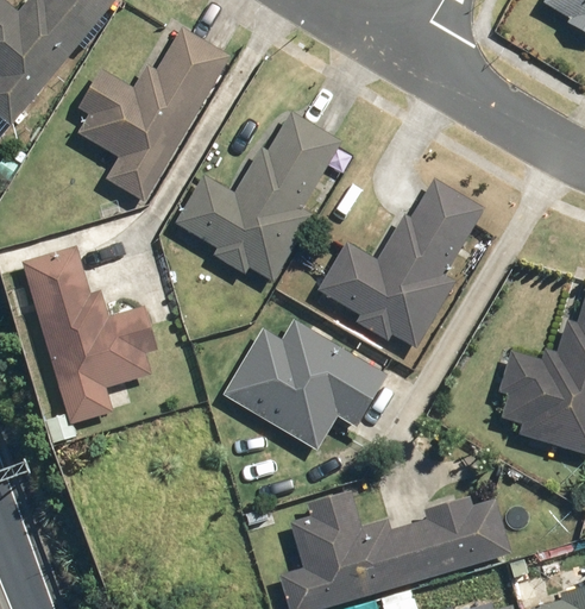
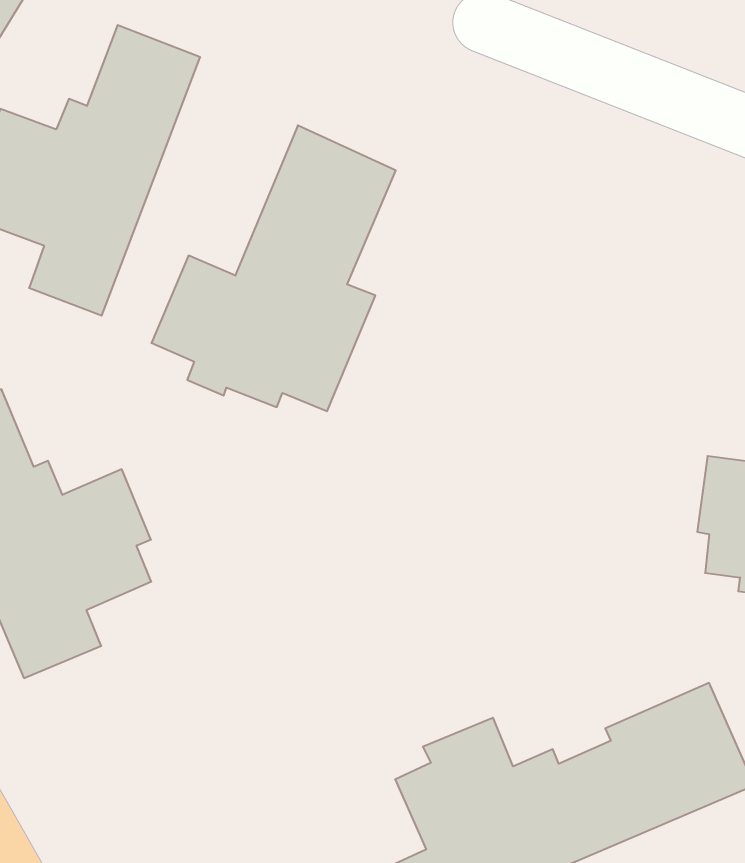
building: [313,180,483,351] -> none
building: [222,316,388,452] -> none

